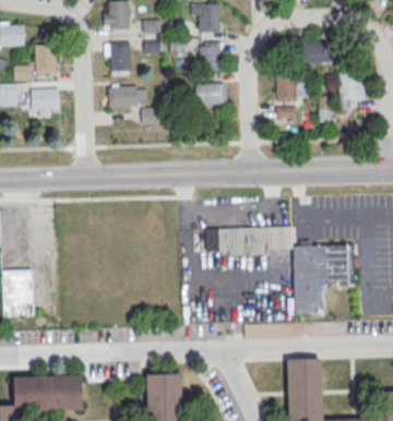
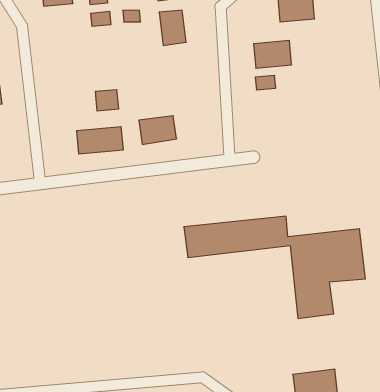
building: [105,41,130,71] -> none
building: [338,73,365,100] -> none
building: [196,85,227,107] -> [139,116,177,144]
building: [108,86,146,106] -> [76,127,123,154]

